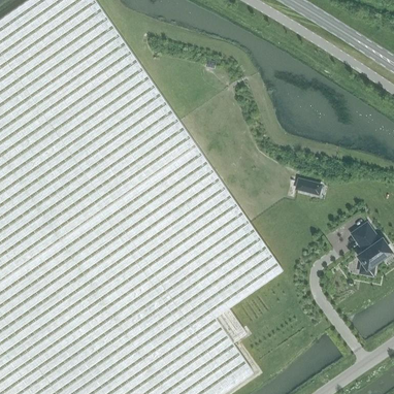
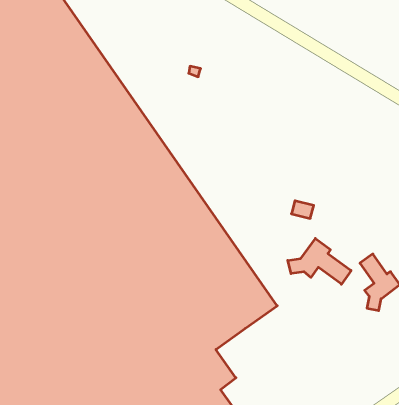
building: none -> [288,238,351,284]

